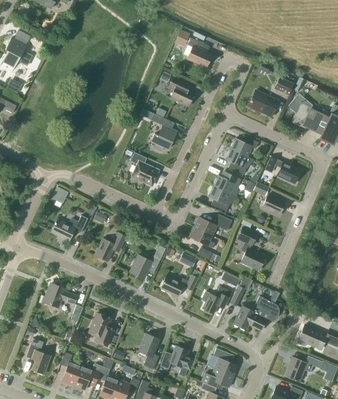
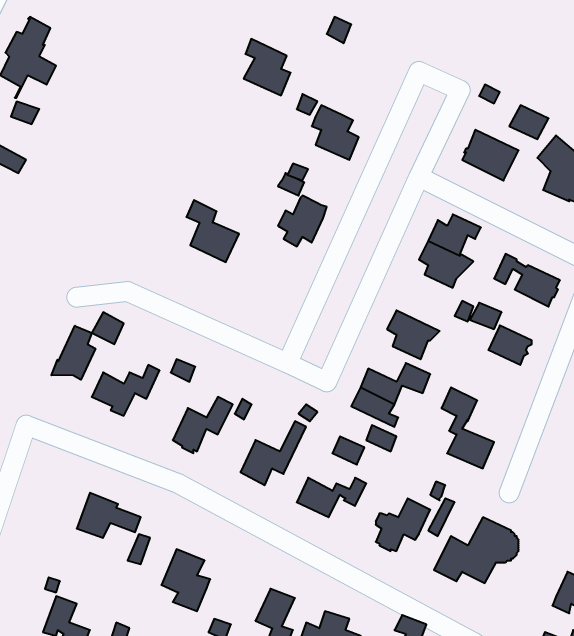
building: [186,37,211,67] -> [244,39,291,95]
building: [130,152,158,185] -> [186,200,239,262]
building: [213,172,241,197] -> none
building: none -> [51,326,95,380]

